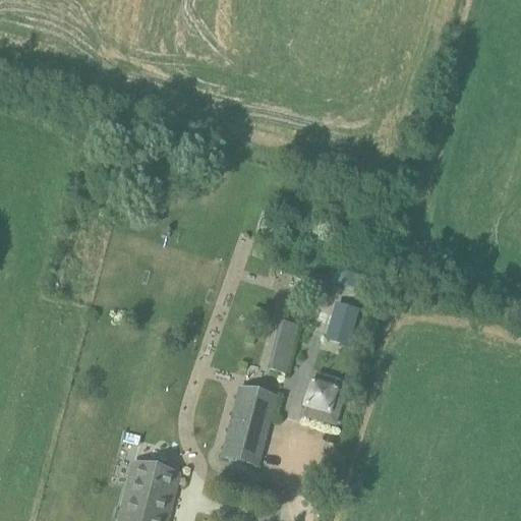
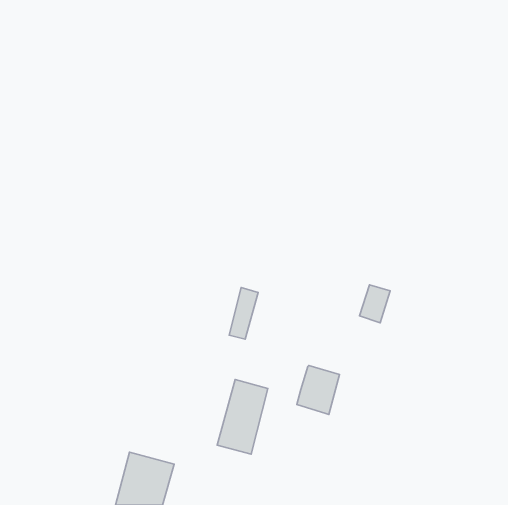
building: [329,301,360,340] -> [359,285,390,323]
building: [268,319,297,371] -> [229,287,258,339]

